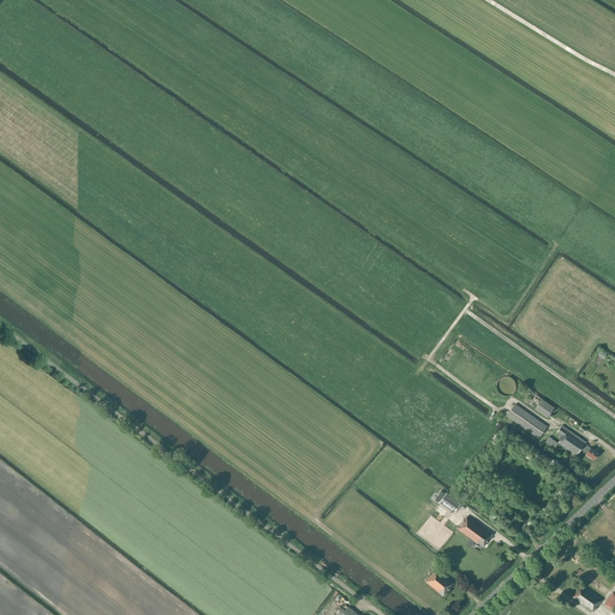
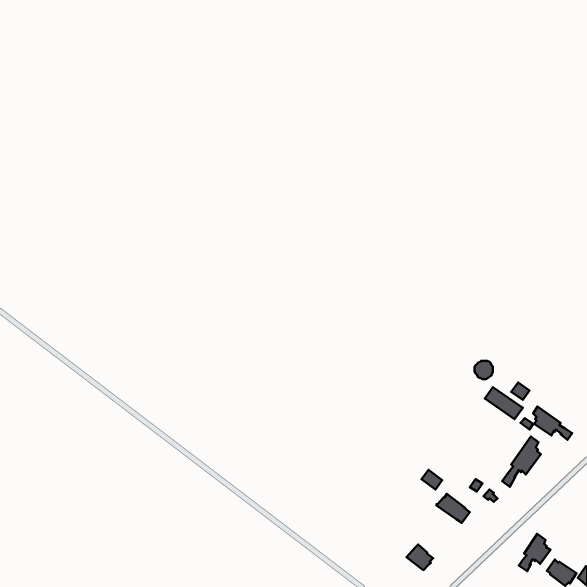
building: none -> [502,436,541,487]
building: none -> [519,534,550,571]

